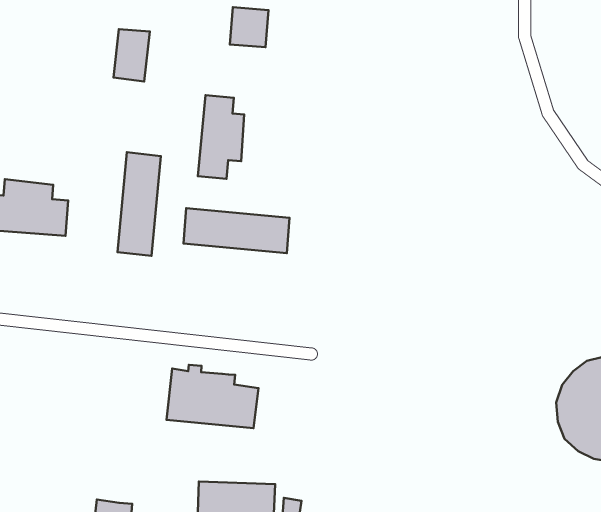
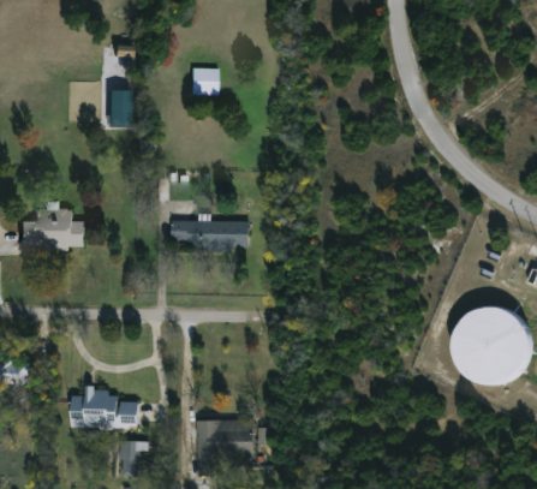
building: [198,95,244,179] -> none
building: [117,152,161,256] -> none
building: [167,365,258,428] -> [71,386,137,429]

